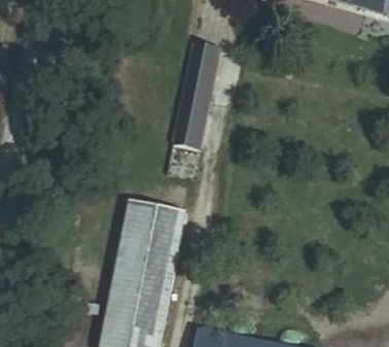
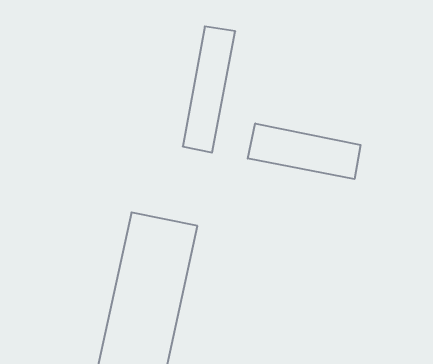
building: none -> [248,123,361,179]

